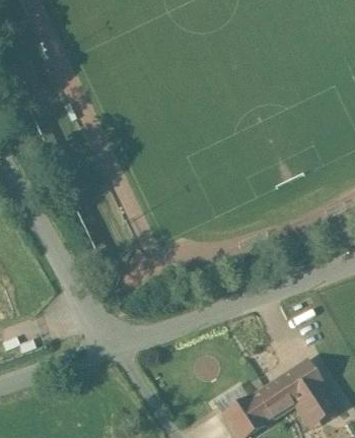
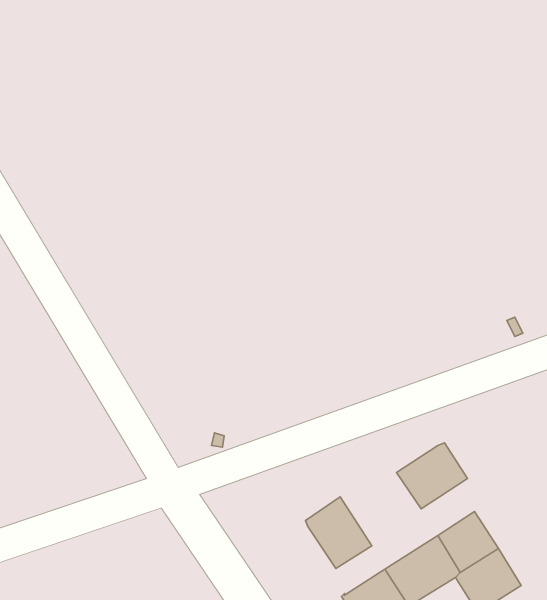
building: none -> [397,443,467,509]
building: none -> [306,497,372,569]

